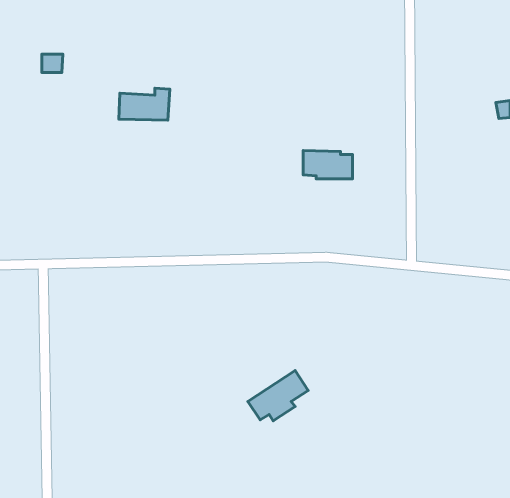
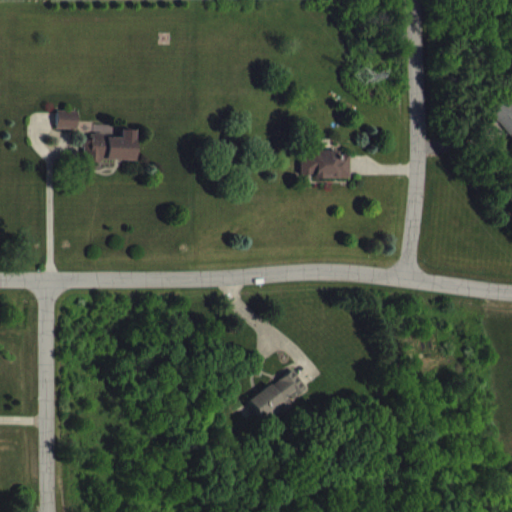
building: [42,54,63,72] -> [57,111,78,129]
building: [119,88,170,120] -> [85,129,136,161]

